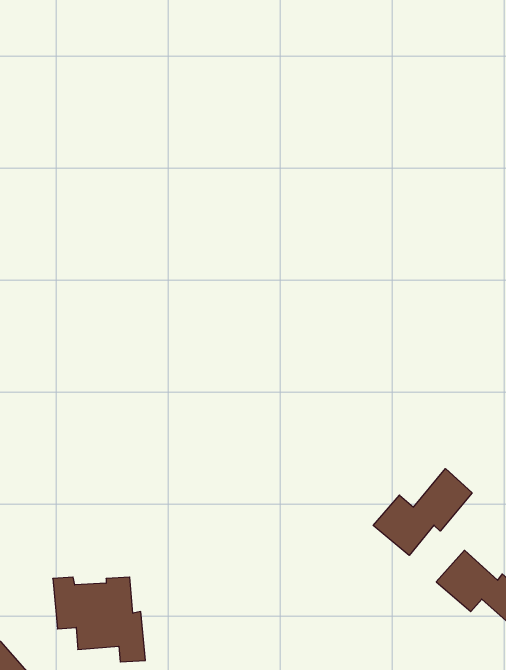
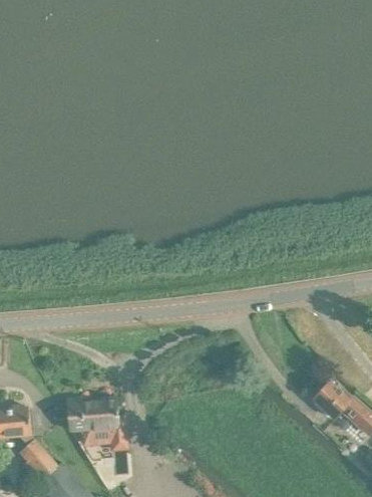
building: [373,469,472,555] -> none

